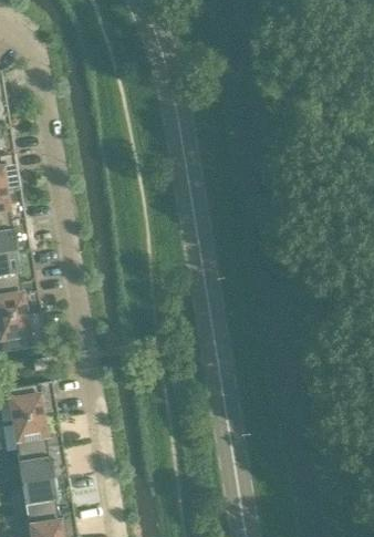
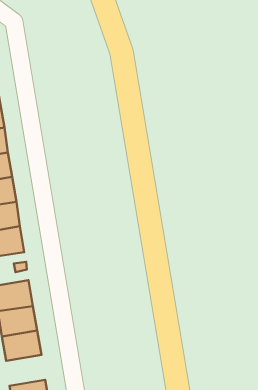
building: [21,476,71,516] -> none

